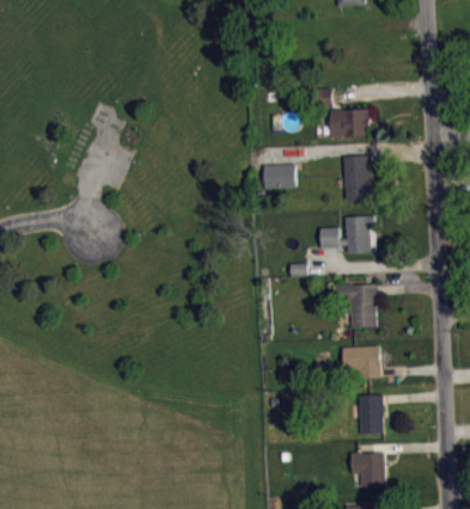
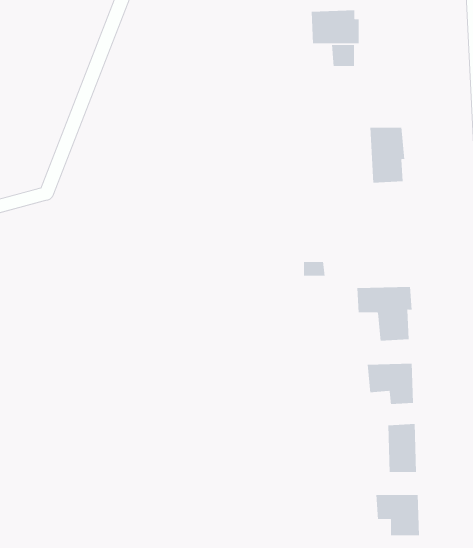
building: [330,110,370,137] -> [311,10,359,44]
building: [262,164,295,189] -> none
building: [319,215,374,253] -> none

